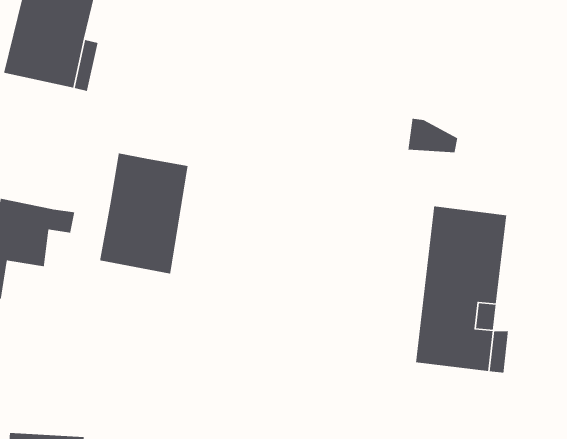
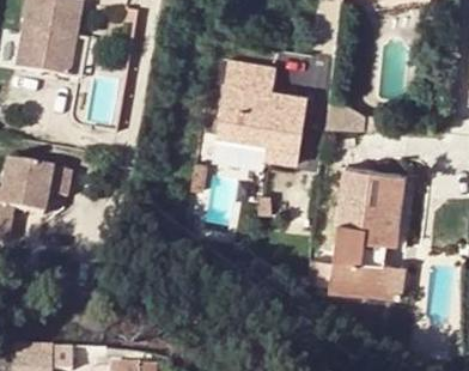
building: none -> [214,62,306,166]
building: [99,152,188,275] -> none

